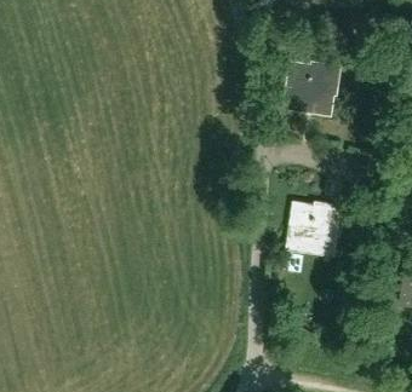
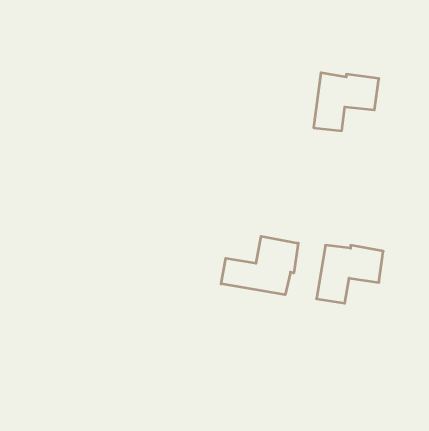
building: none -> [221,236,298,295]

